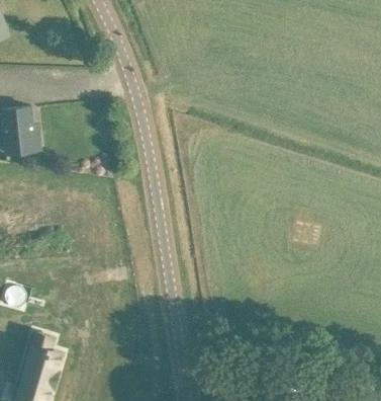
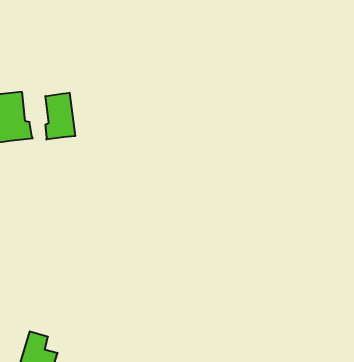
building: none -> [45,93,75,140]

